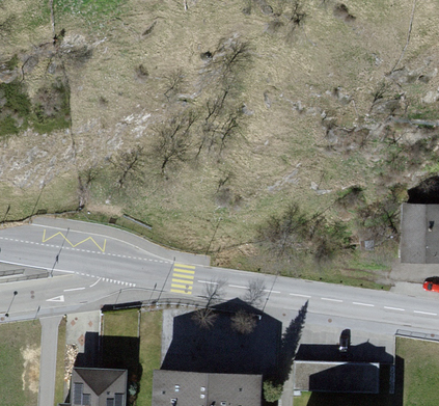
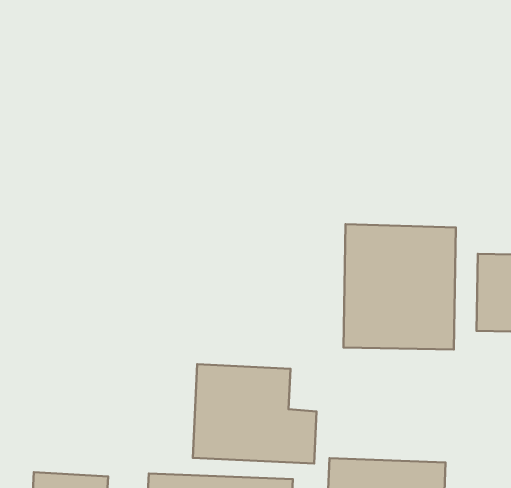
building: none -> [343,224,456,349]
building: none -> [193,364,316,464]

